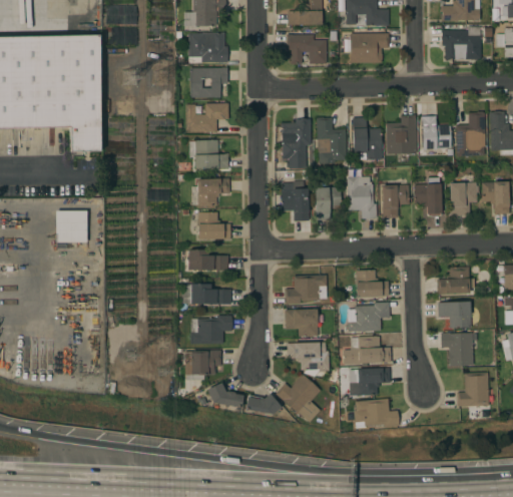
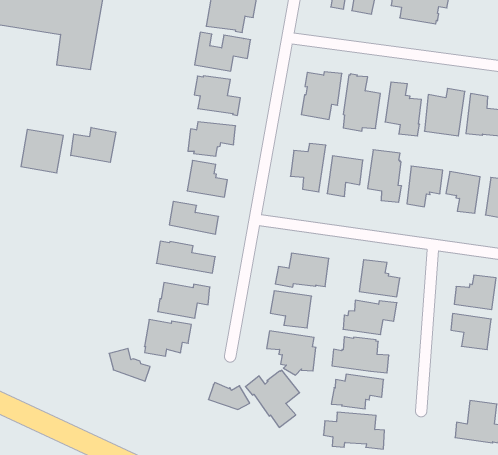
building: none -> [71,127,116,162]
building: [440,333,473,366] -> none
building: [206,383,242,408] -> [109,348,150,381]

